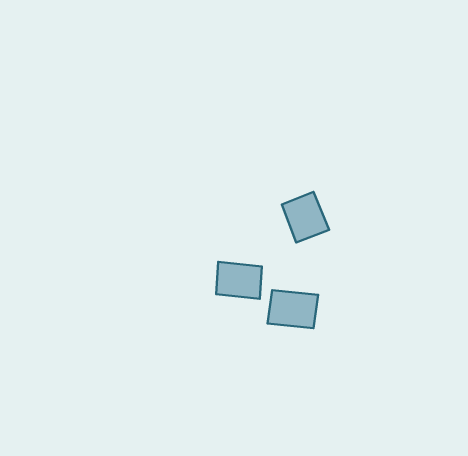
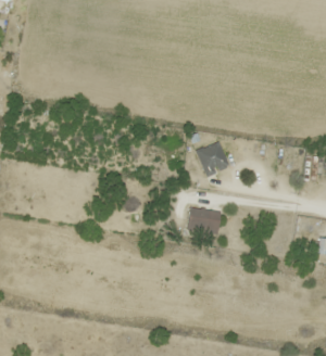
building: [216,262,262,299] -> none

